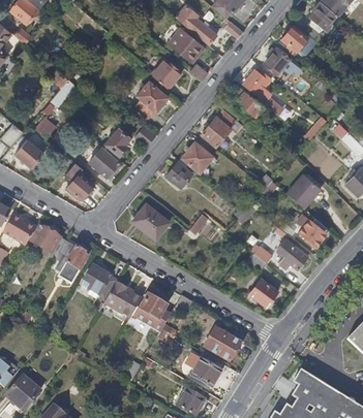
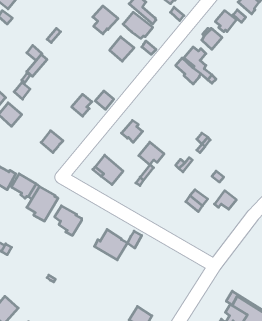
building: [137,82,168,116] -> [93,6,118,34]
building: [202,109,236,146] -> none
building: [182,141,213,169] -> [139,142,164,165]
building: [89,147,119,178] -> none
building: [286,174,320,207] -> none
building: [296,213,327,248] -> none
building: [249,279,277,307] -> none
building: [104,282,143,319] -> none
building: [203,326,241,361] -> none
building: [189,358,220,387] -> none

